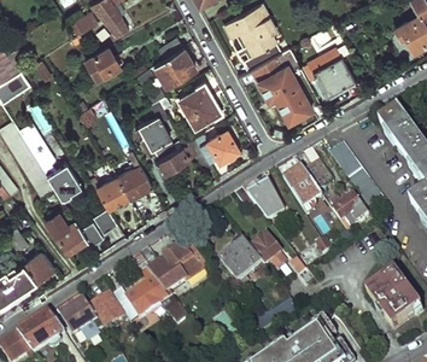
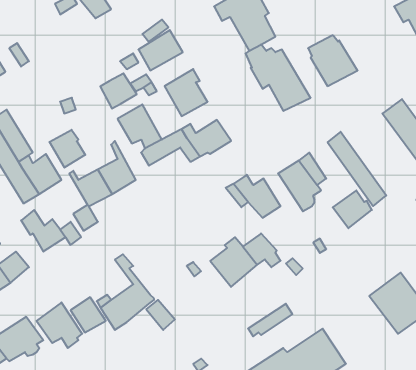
building: [86,46,119,78] -> [100,73,137,109]
building: none -> [49,130,85,168]
building: [139,244,195,293] -> none

